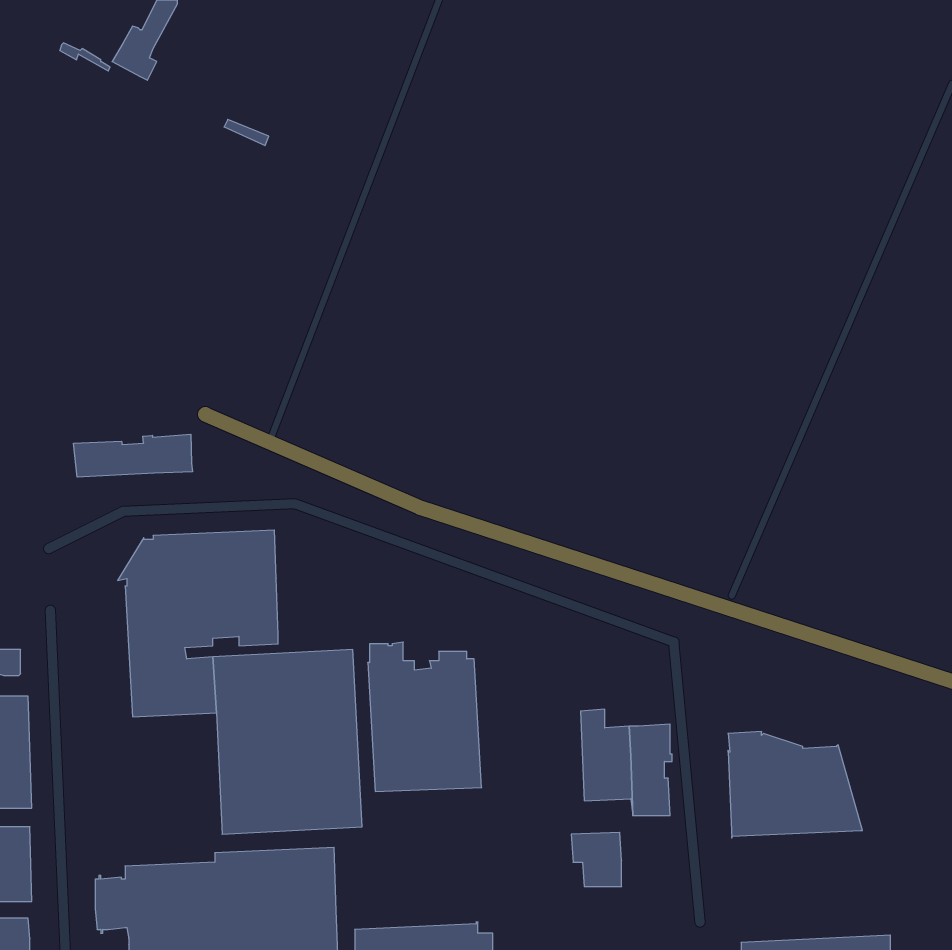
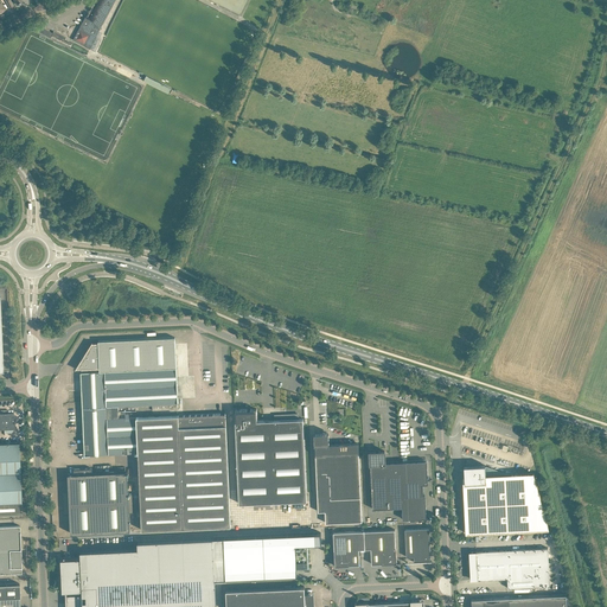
building: [74,434,192,477] -> none
building: none -> [313,434,360,525]
building: none -> [66,471,132,536]
building: none -> [404,530,430,564]
building: none -> [332,532,364,568]
building: none -> [212,535,320,581]
building: none -> [468,550,549,590]

